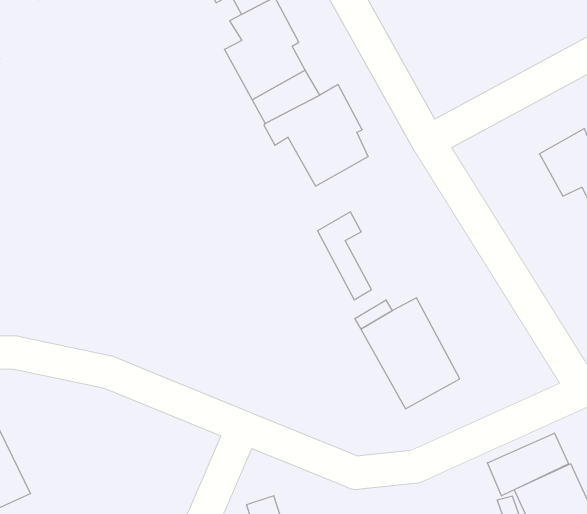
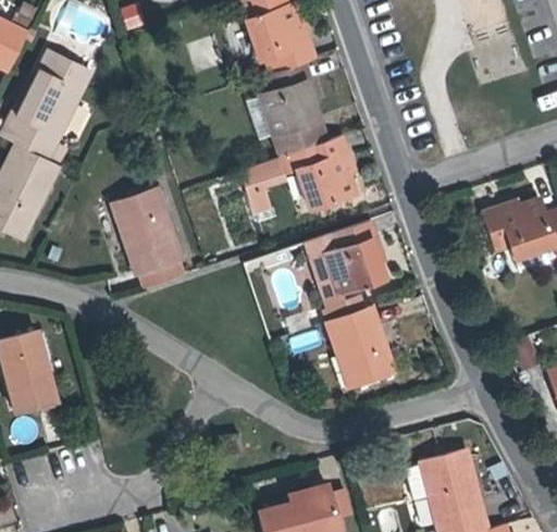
building: none -> [237,157,286,215]
building: none -> [326,221,384,294]
building: none -> [112,188,185,288]
building: [487,433,569,496] -> none

